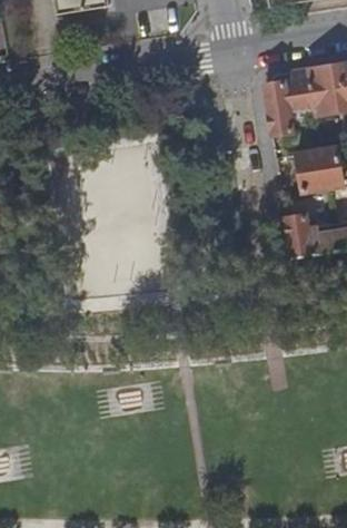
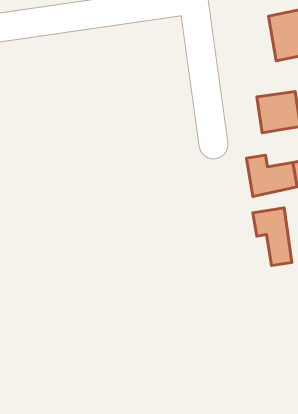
building: [266,67,317,133] -> none
building: none -> [253,208,292,265]

